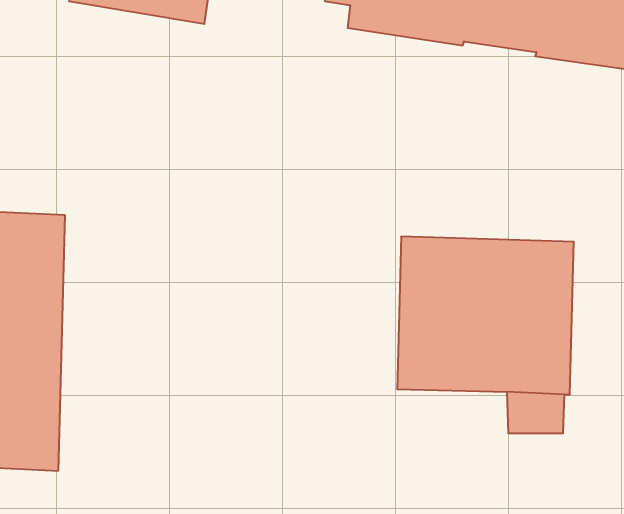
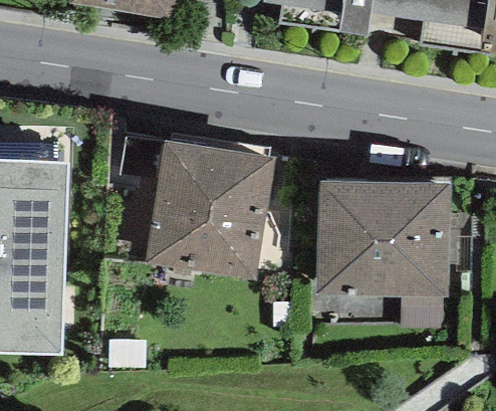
building: none -> [145,140,275,278]

